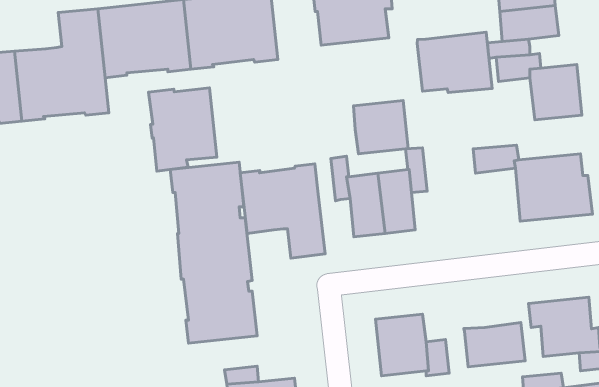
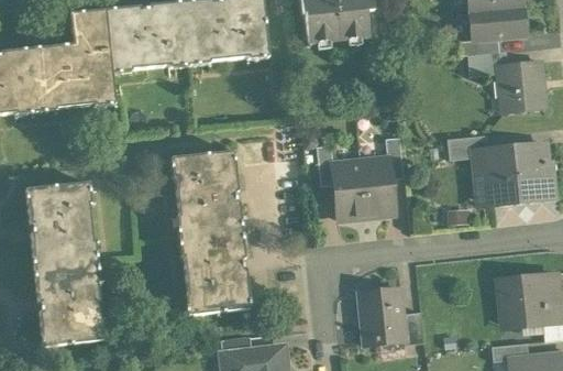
building: [417,32,492,92] -> none
building: [149,88,217,171] -> none
building: [354,100,408,154] -> none
building: [240,164,325,258] -> none
building: none -> [25,182,106,346]
building: [464,323,525,367] -> none

